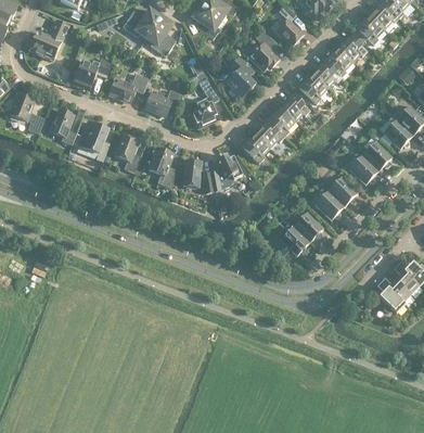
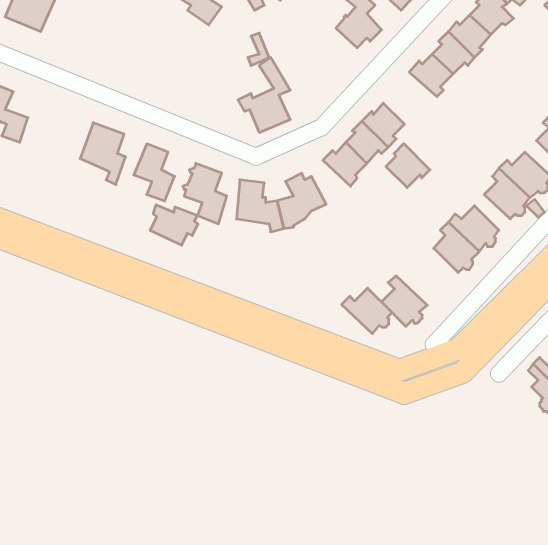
building: [226,56,255,98] -> none
building: [74,58,111,87] -> none
building: [108,73,147,102] -> none
building: [144,89,182,116] -> none
building: [280,92,309,122] -> [386,144,430,188]
building: [49,110,76,144] -> none
building: none -> [150,205,198,245]
building: [288,212,322,242] -> [342,288,392,334]

